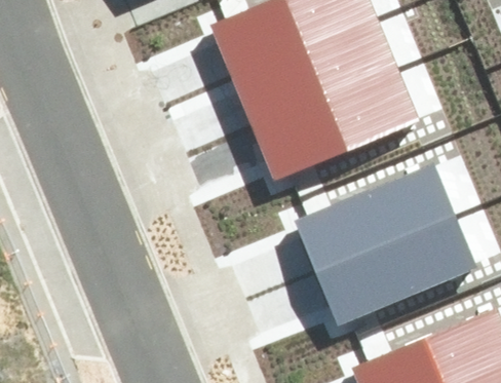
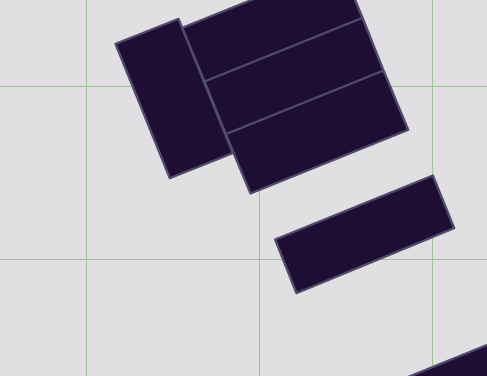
building: none -> [116,19,233,178]
building: [312,210,478,323] -> none

